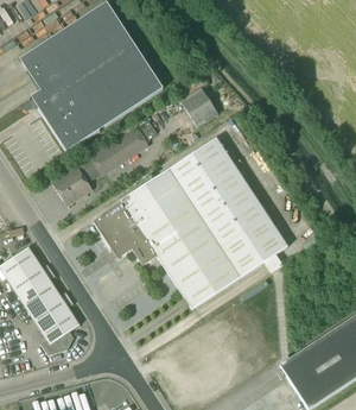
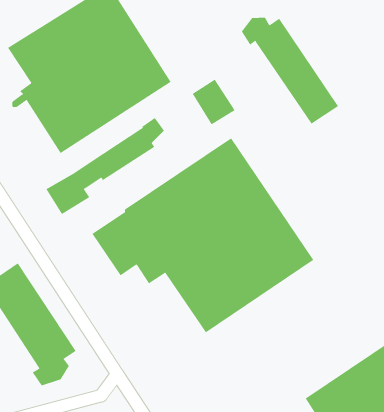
building: none -> [241,17,339,124]

